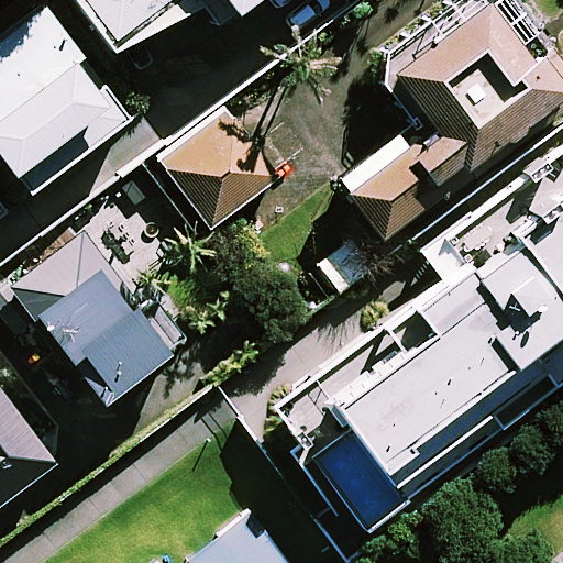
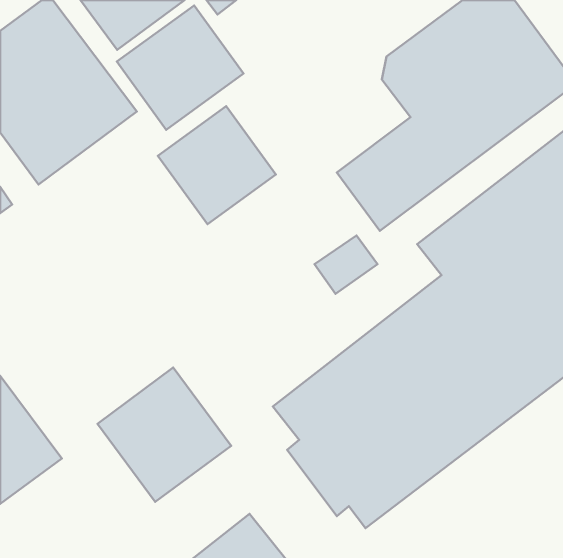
building: none -> [117,5,244,130]
building: [16,236,165,398] -> none
building: none -> [97,368,231,502]

